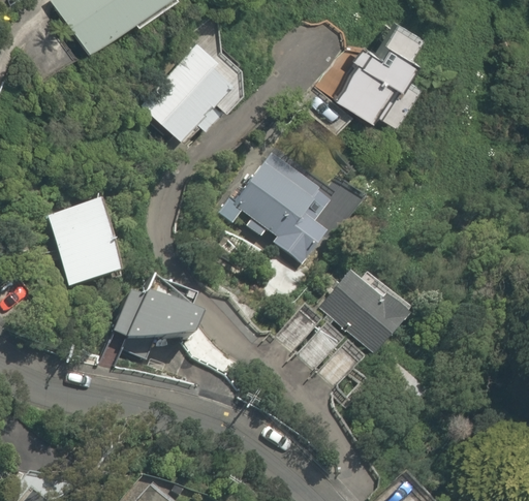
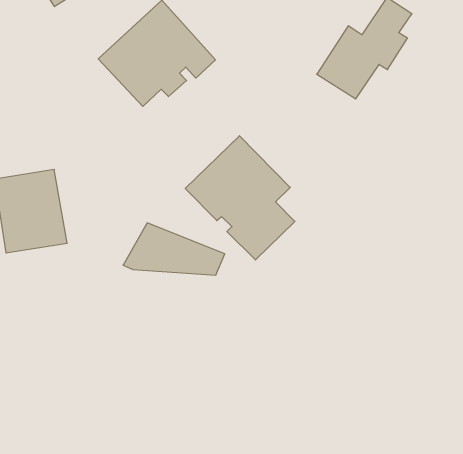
building: [319,269,409,357] -> none
building: [116,294,209,339] -> [123,223,225,275]

